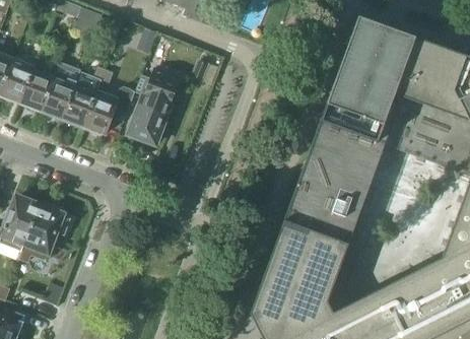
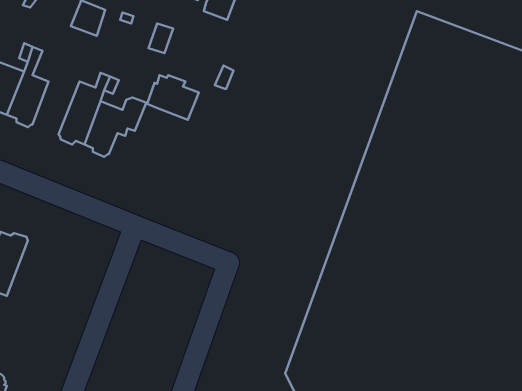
building: [42,62,81,117] -> none
building: [128,90,170,144] -> none
building: [20,204,70,254] -> none

